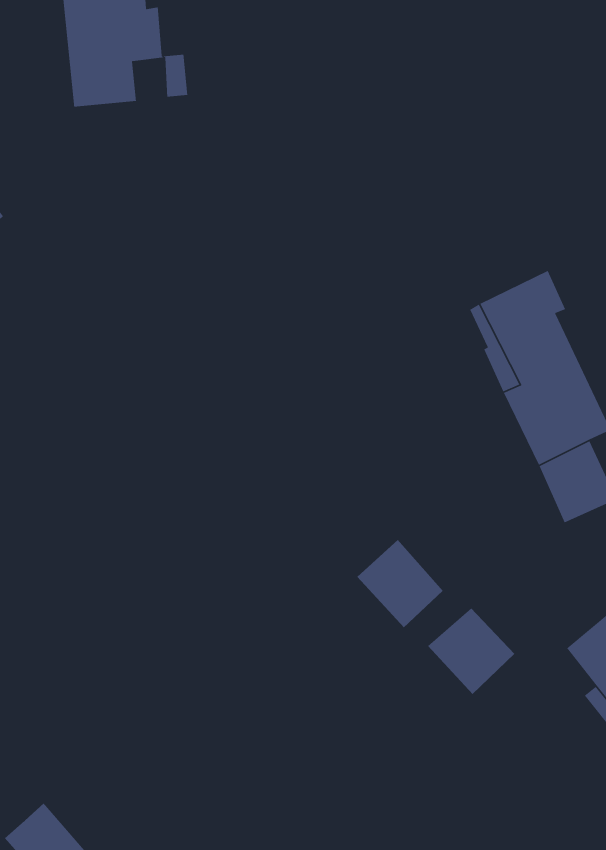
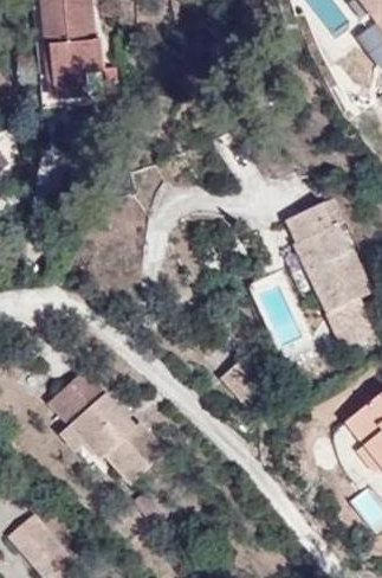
building: none -> [47,368,164,484]
building: [427,607,515,695] -> none

